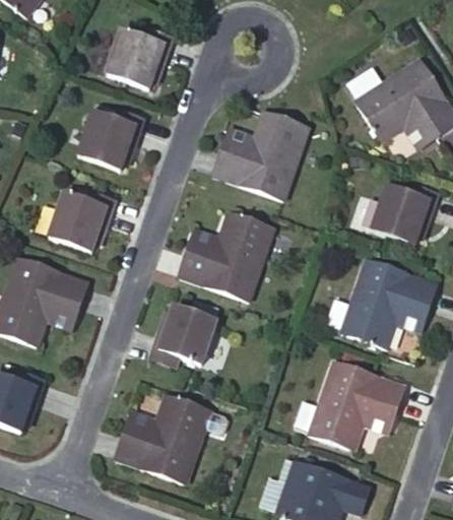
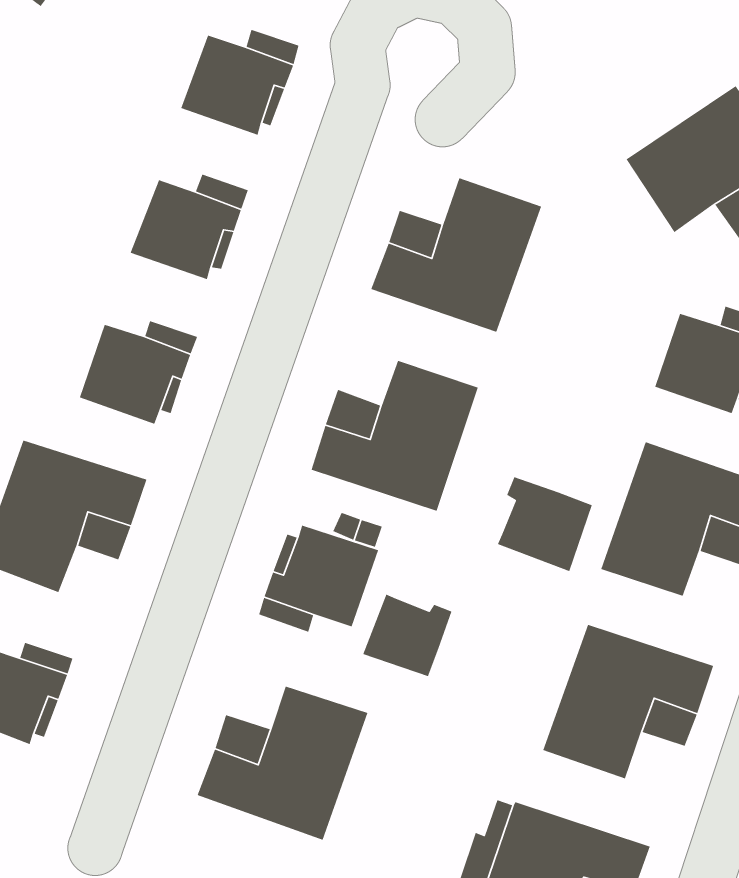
building: none -> [497,476,593,572]
building: none -> [362,594,452,677]

